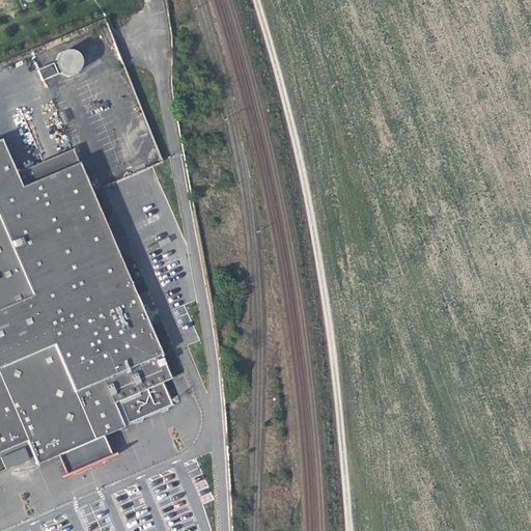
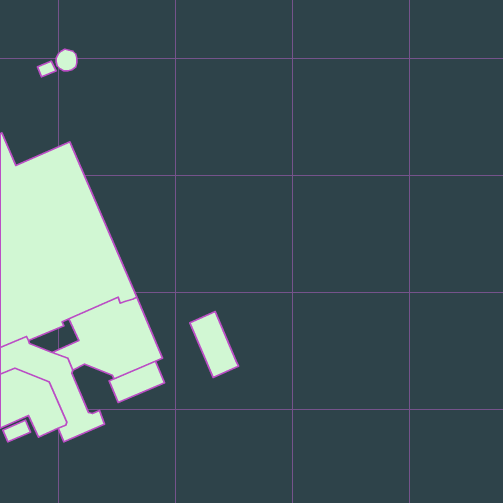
building: none -> [190,312,238,377]
building: [30,336,83,371] -> none
building: [76,384,124,436] -> none

